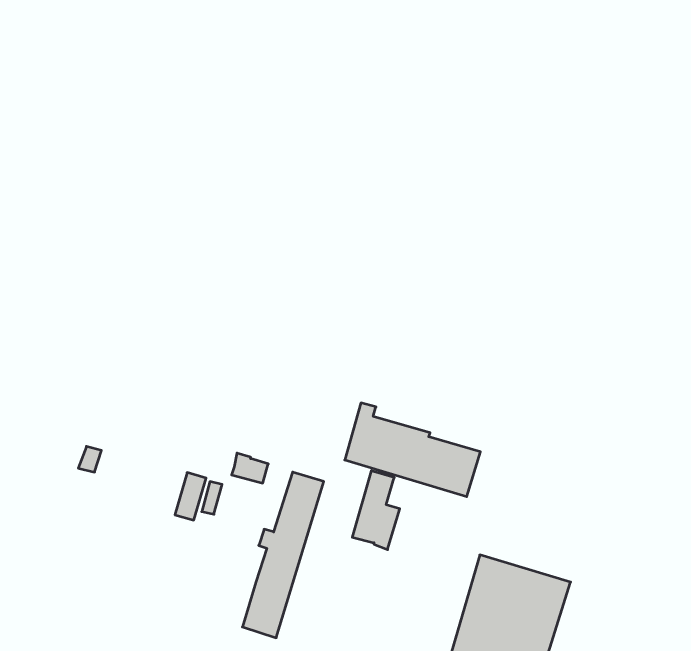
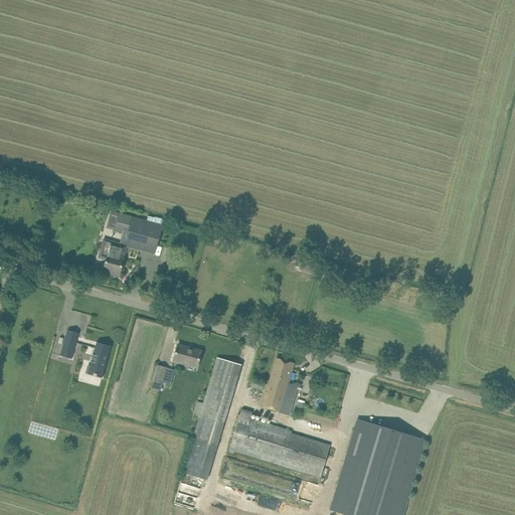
building: none -> [99,212,164,274]
building: [345,403,480,497] -> [229,407,330,477]
building: [175,473,206,520] -> [88,342,111,377]

